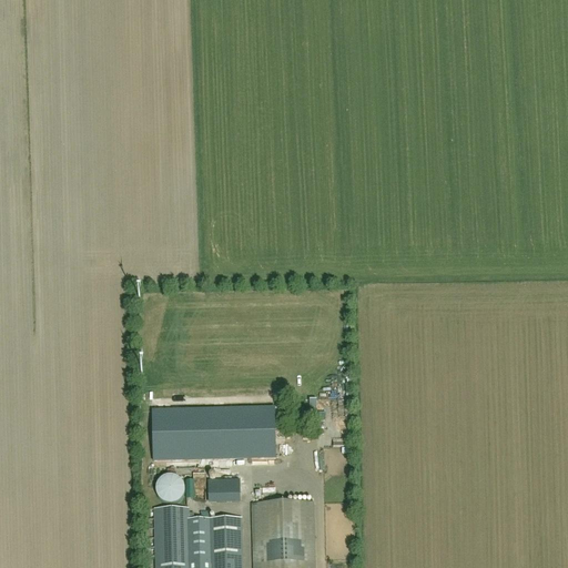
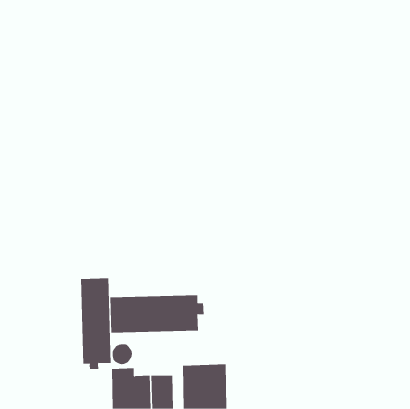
building: none -> [81,278,111,370]
building: [206,477,239,503] -> none

